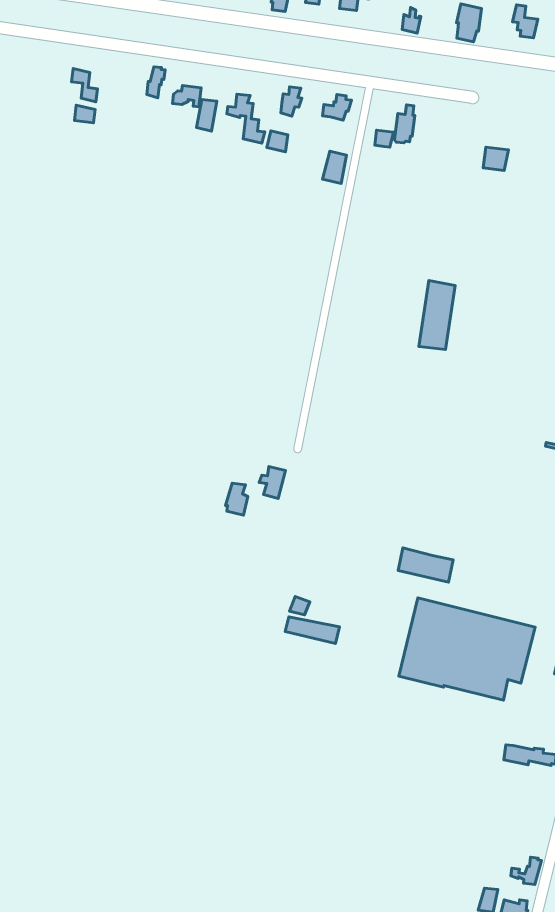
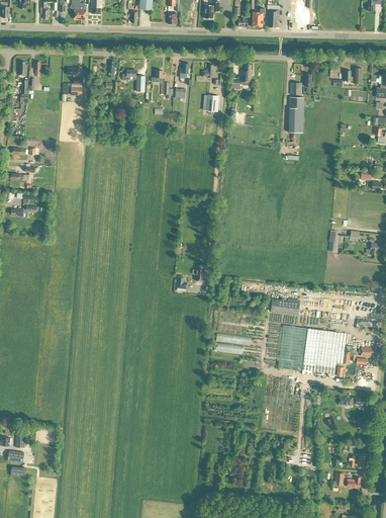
building: [419,280,455,350] -> [288,96,303,132]

